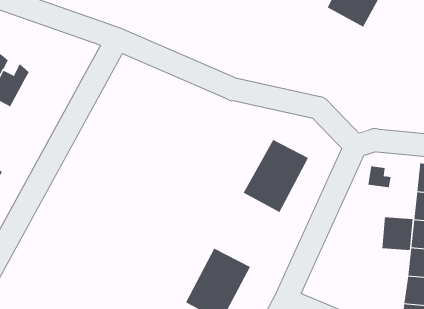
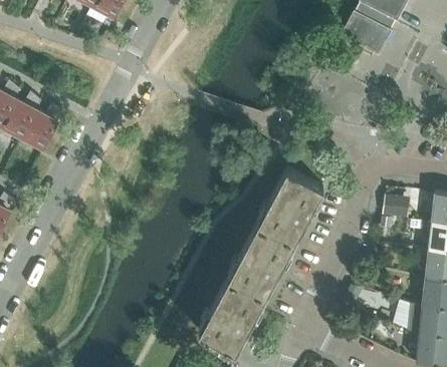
building: none -> [23,105,63,149]
building: none -> [228,224,294,298]
building: [382,216,413,251] -> none

